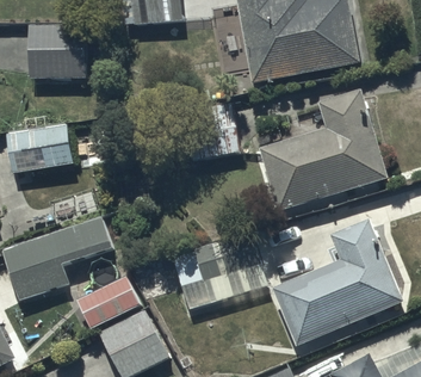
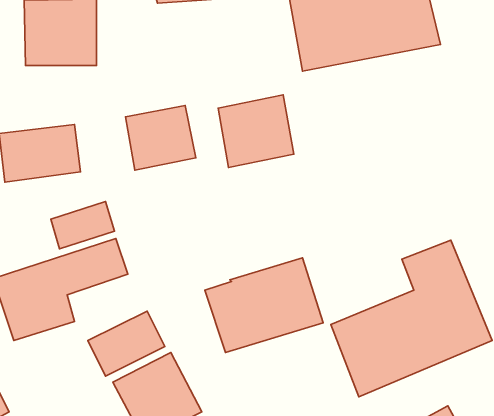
building: [259,89,386,210] -> none
building: none -> [125,106,196,170]

